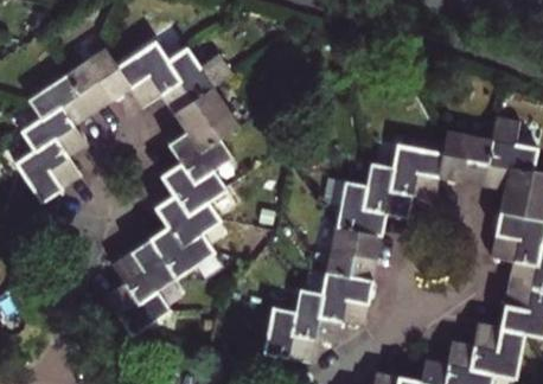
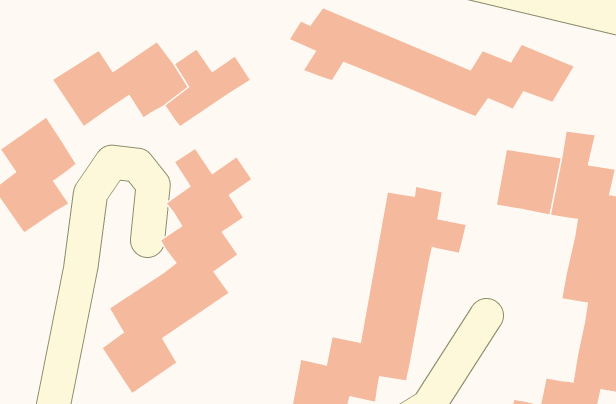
building: none -> [289,8,574,117]
building: [28,73,92,124] -> none
building: [173,85,239,152] -> none
building: [389,145,442,199] -> none

